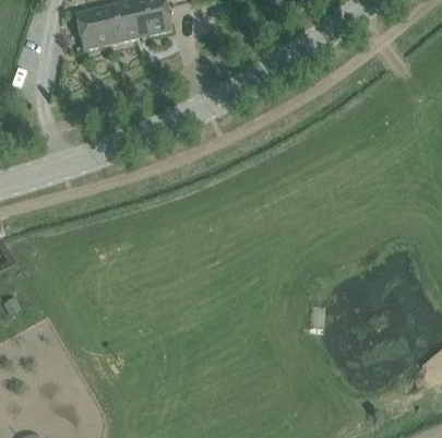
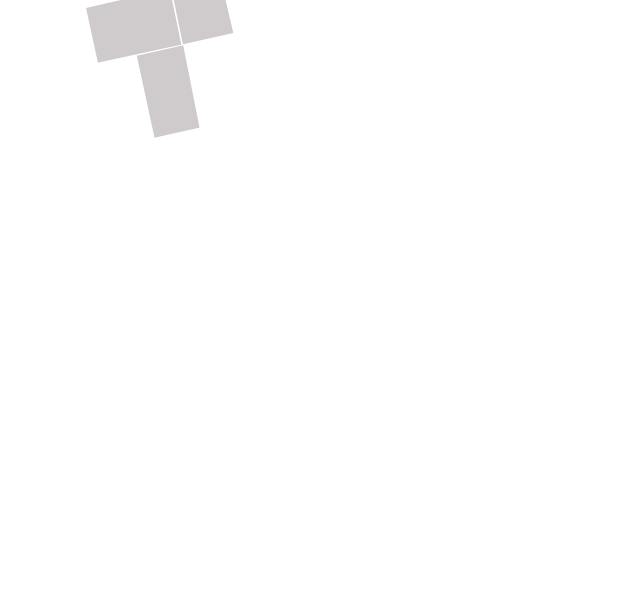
building: none -> [136,45,200,138]

